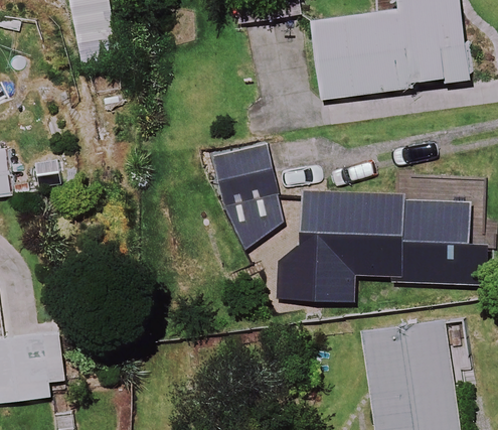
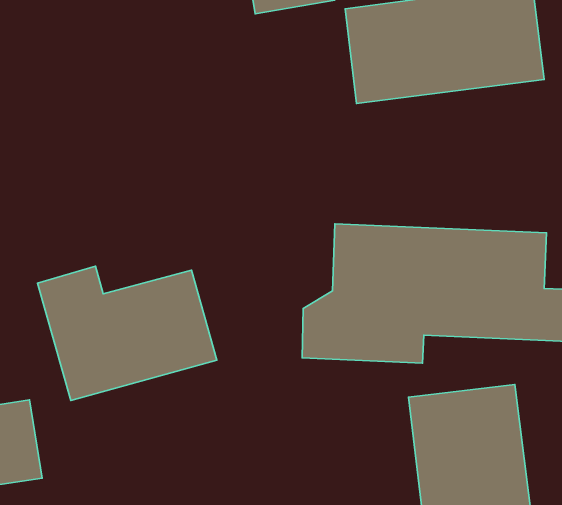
building: [207,139,285,254] -> none
building: none -> [38,266,217,401]

